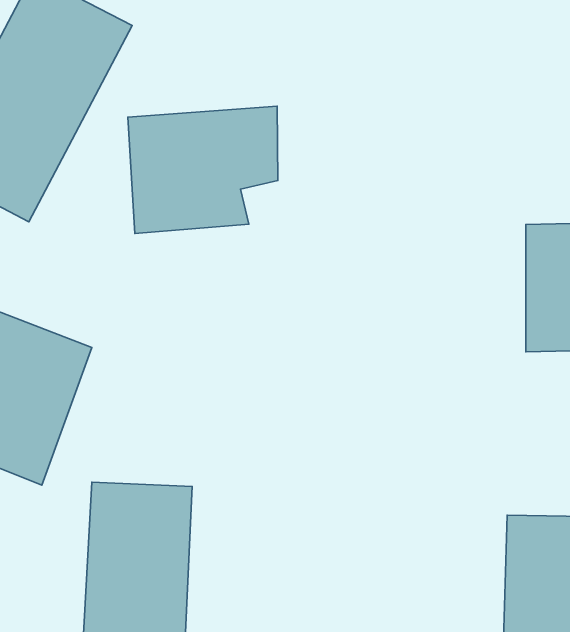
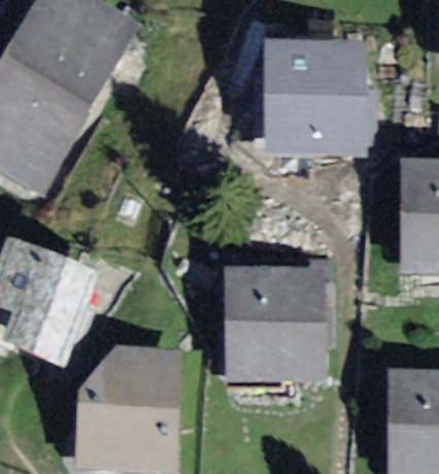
building: none -> [262,49,358,156]
building: [128,106,278,233] -> none
building: none -> [231,281,309,374]

